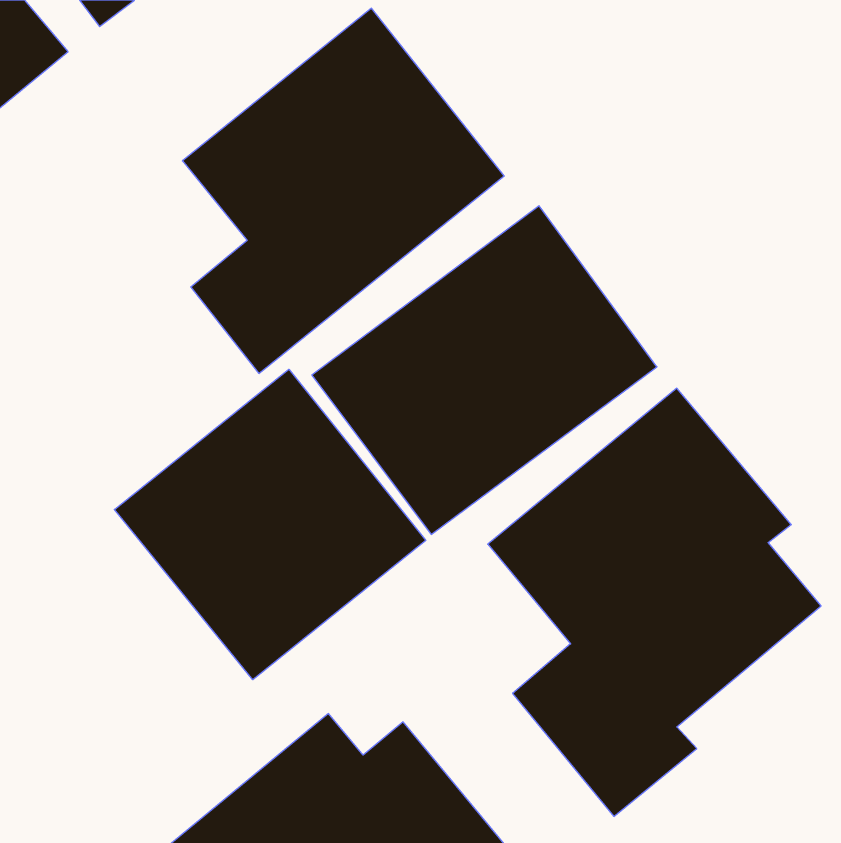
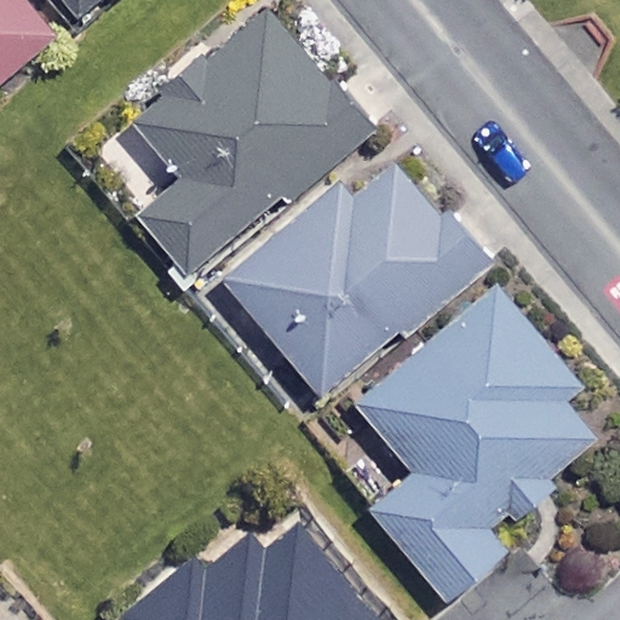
building: [114,369,426,680] -> none

